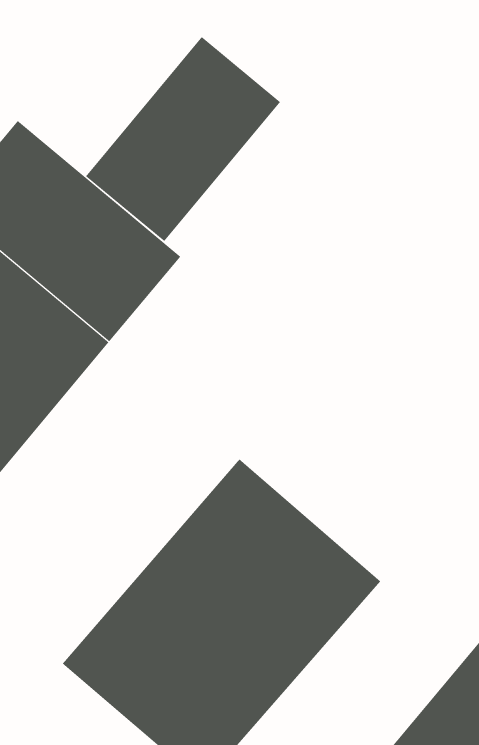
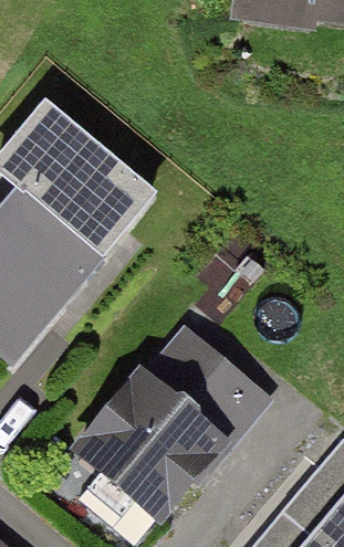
building: [85,36,281,242] -> none

